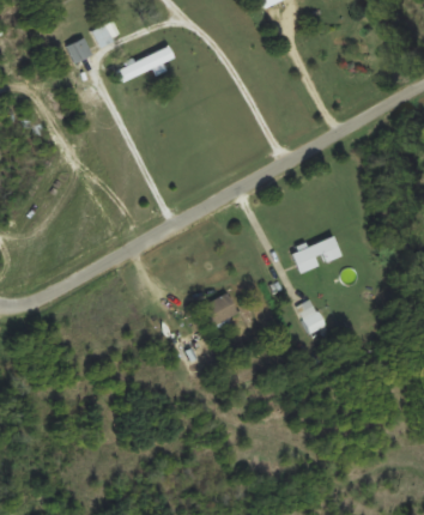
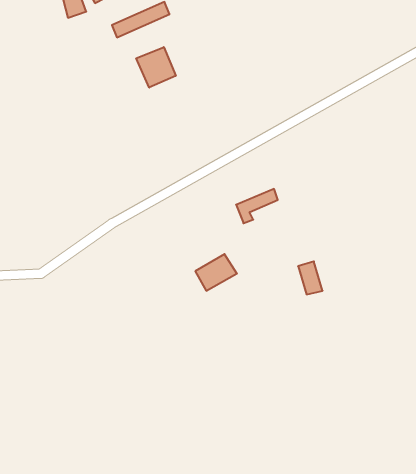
building: none -> [136,47,176,88]
building: [293,236,334,269] -> [236,189,278,223]

